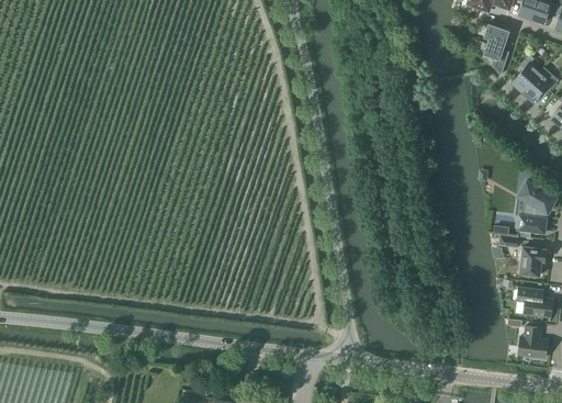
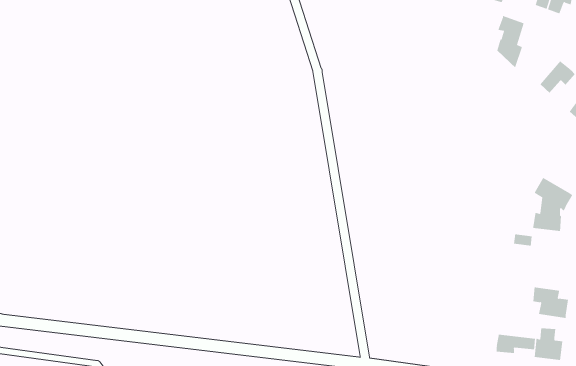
building: [514,55,544,91] -> none
building: [520,247,547,279] -> none
building: none -> [496,334,536,354]

